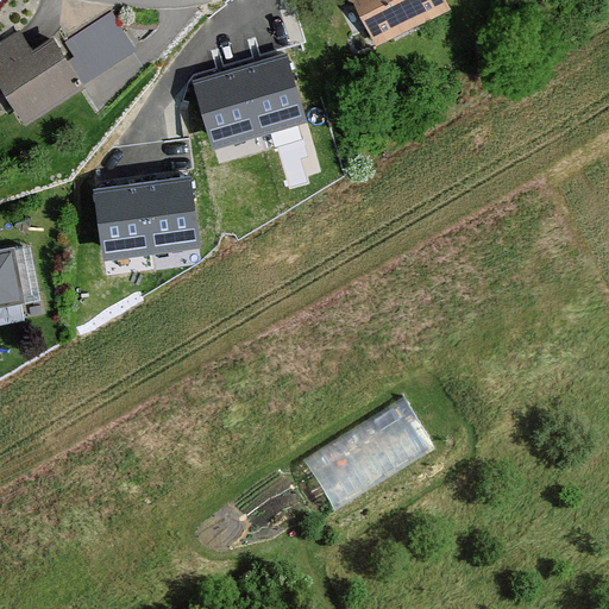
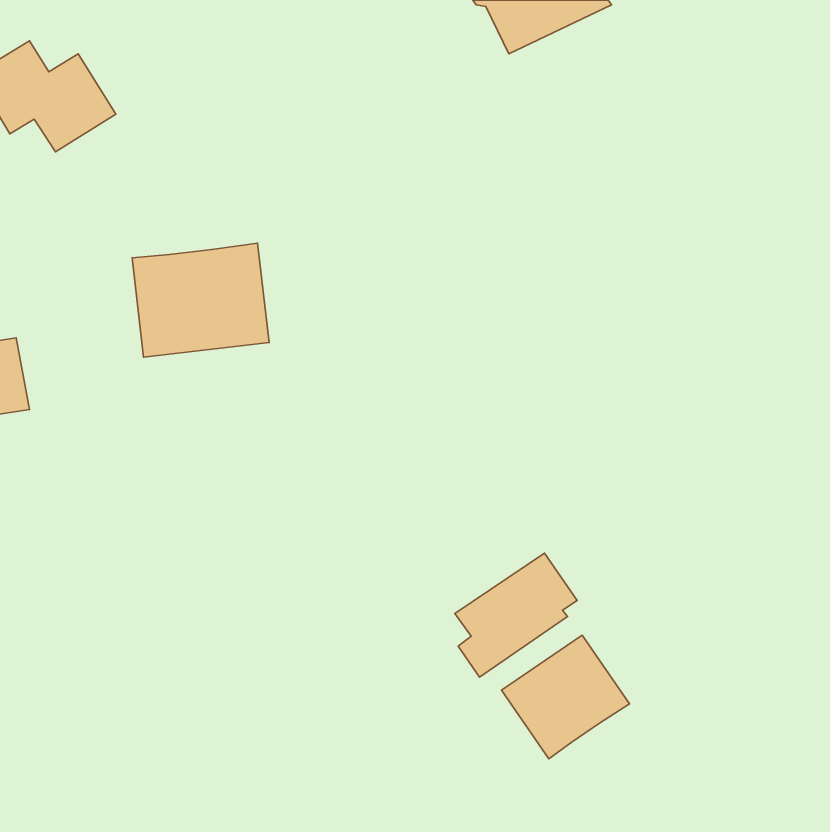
building: [64,8,136,76] -> none
building: [193,57,303,149] -> none
building: none -> [502,635,629,759]

